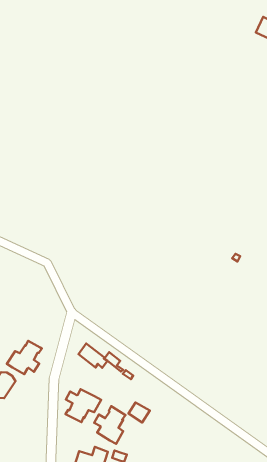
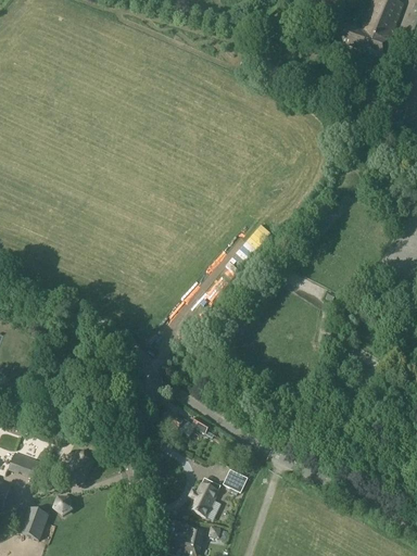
building: [7,341,42,374] -> none
building: [65,389,101,422] -> none

